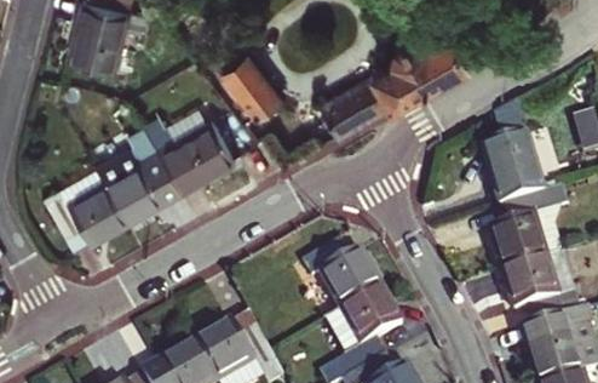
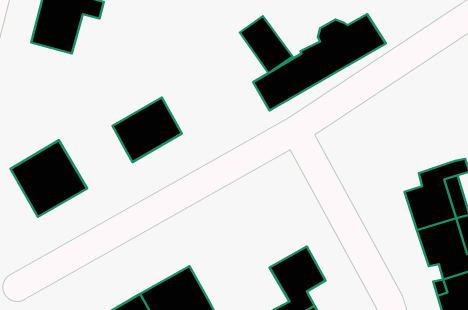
building: [223,53,281,116] -> [240,16,293,73]
building: [477,103,542,205] -> none
building: [105,126,180,221] -> none
building: [301,239,379,308] -> none

